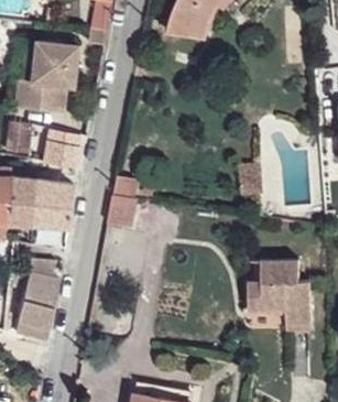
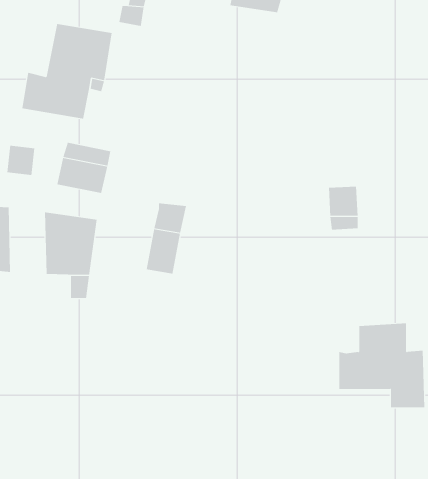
building: [8,178,34,227] -> none
building: [15,259,58,341] -> none

